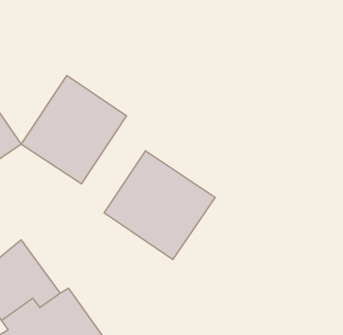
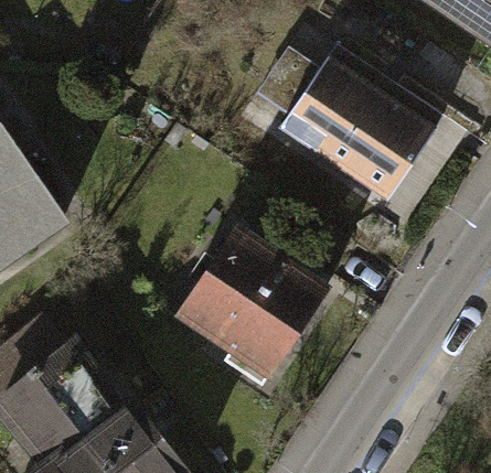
building: none -> [275,56,430,198]
building: [21,76,127,184] -> none

